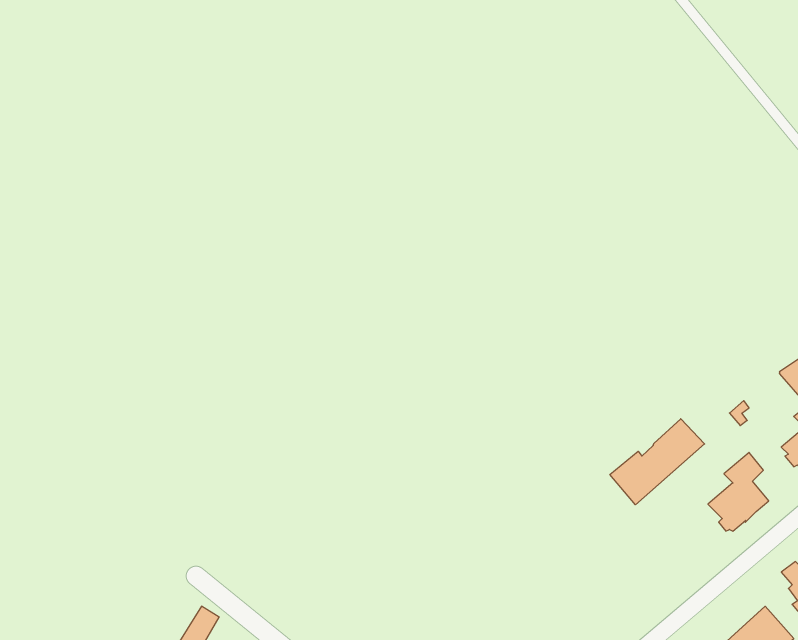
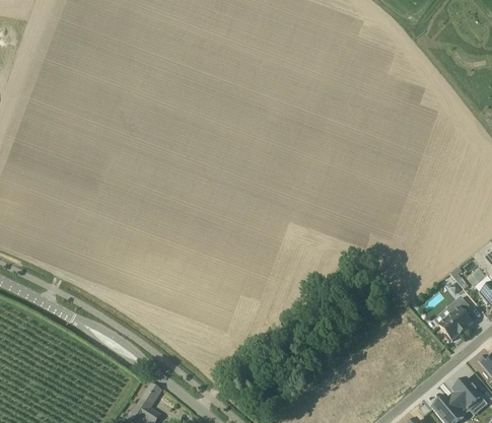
building: [610,419,705,505] -> none

